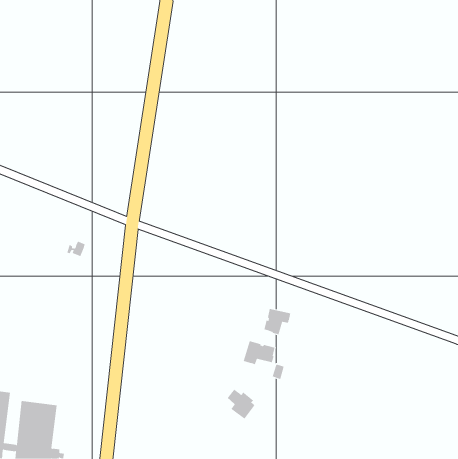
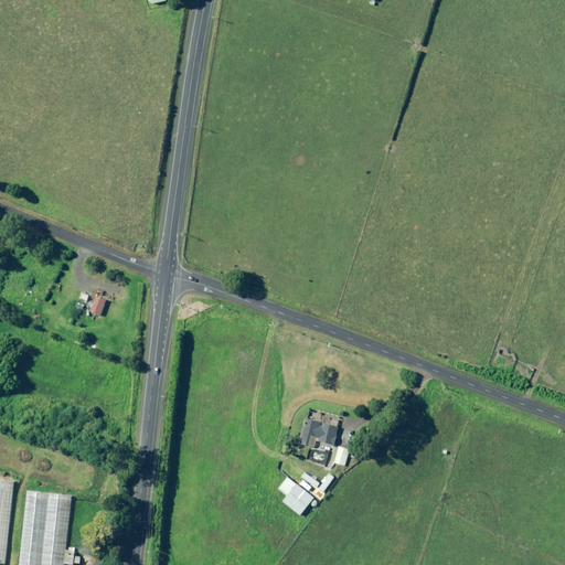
building: [264,308,291,335] -> none

